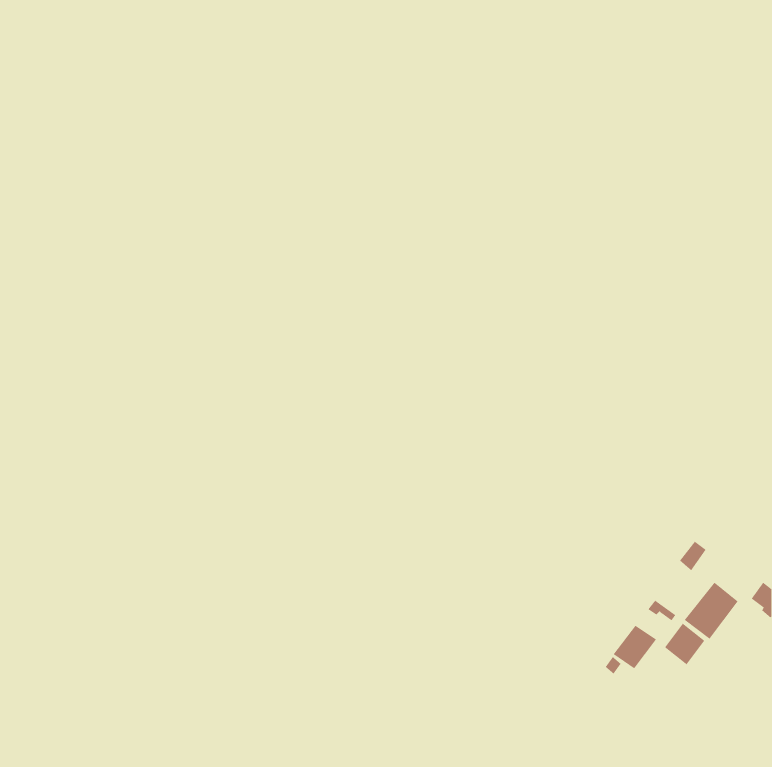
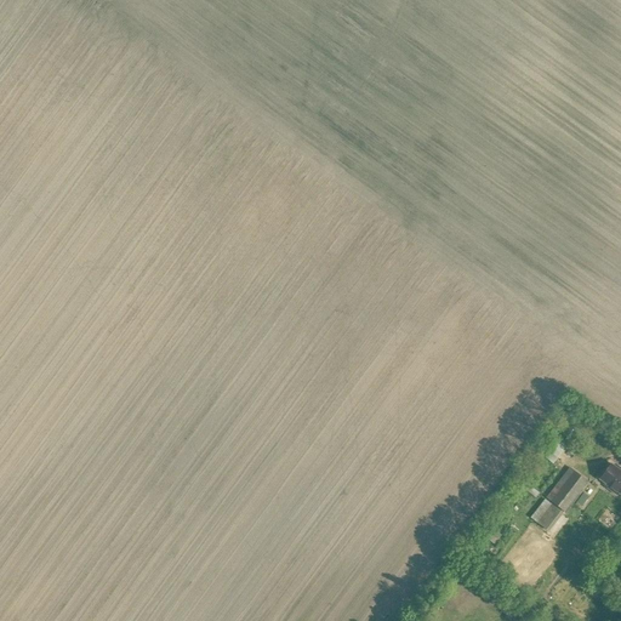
building: [613,625,657,669] -> none

